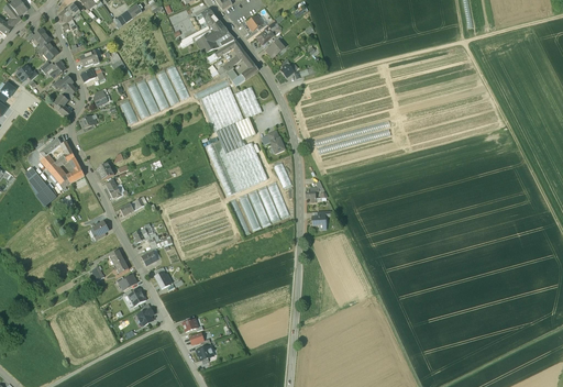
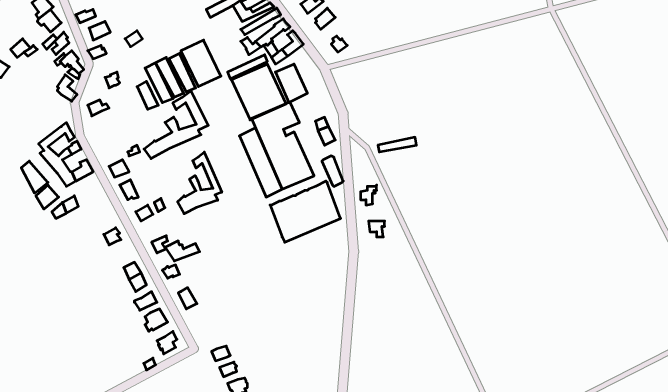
building: none -> [144,91,208,159]
building: none -> [178,152,222,214]

